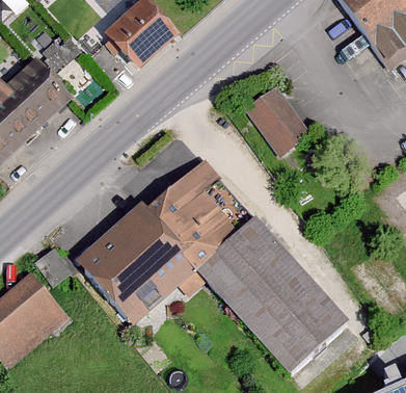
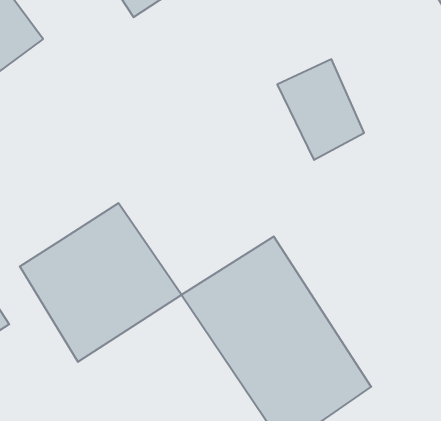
building: [141,158,259,270] -> none

